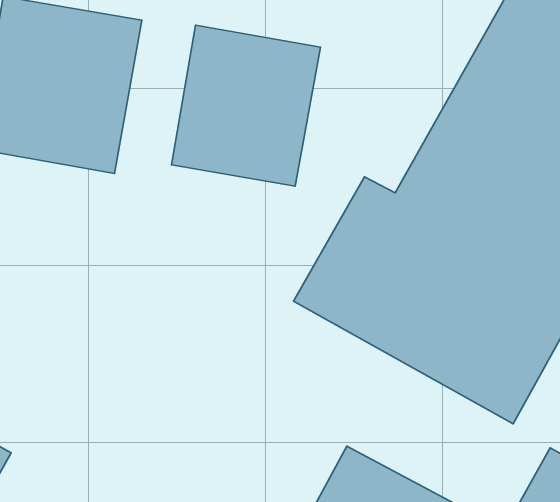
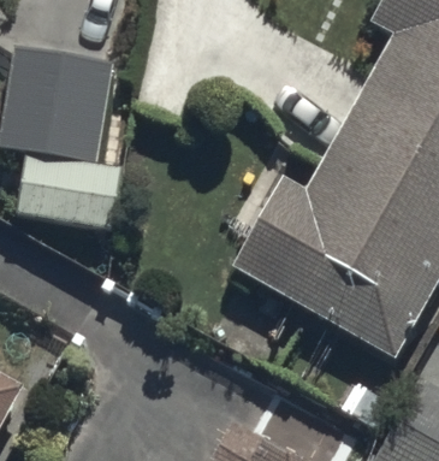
building: [172,25,320,186] -> none

